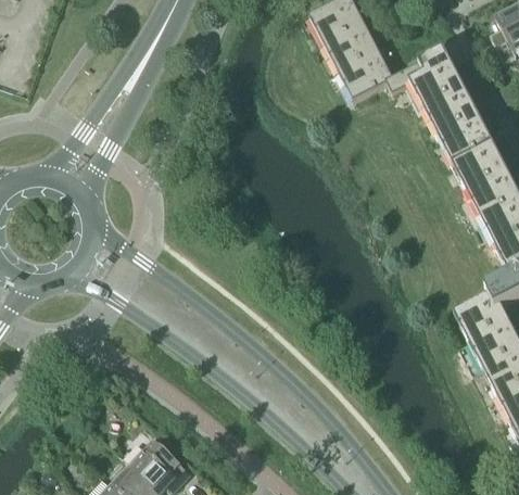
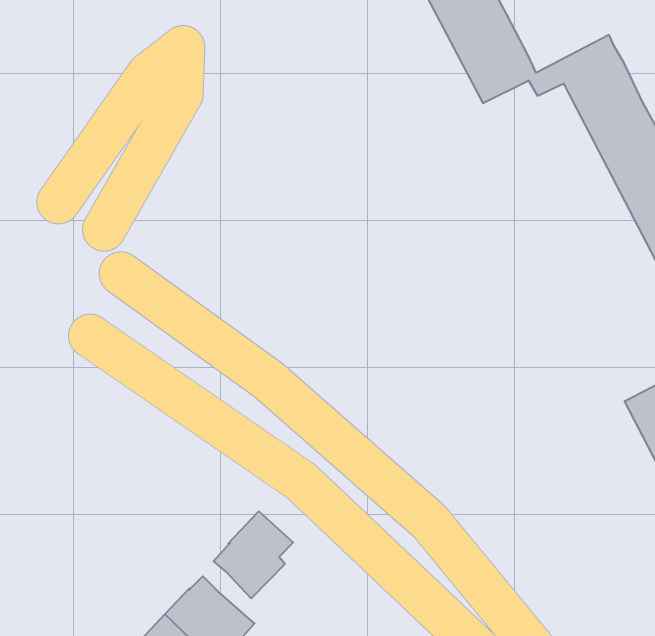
building: none -> [214,511,293,598]

